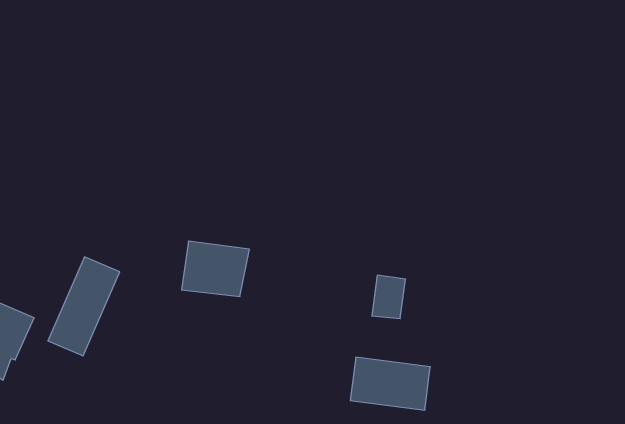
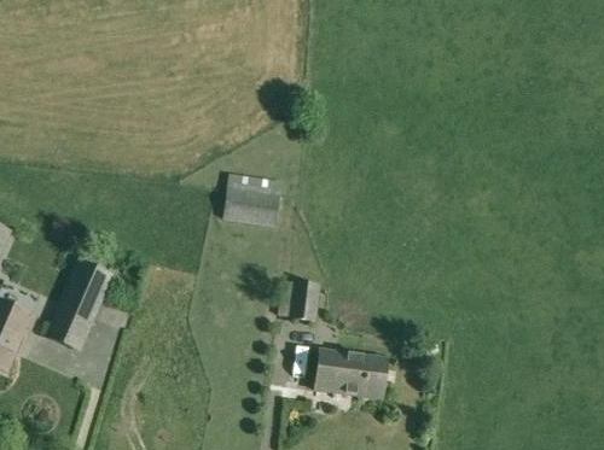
building: [182,241,249,297] -> [222,174,283,223]
building: [372,275,406,319] -> [290,281,320,320]

